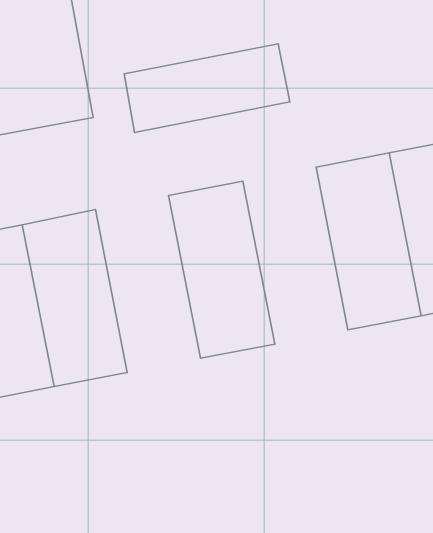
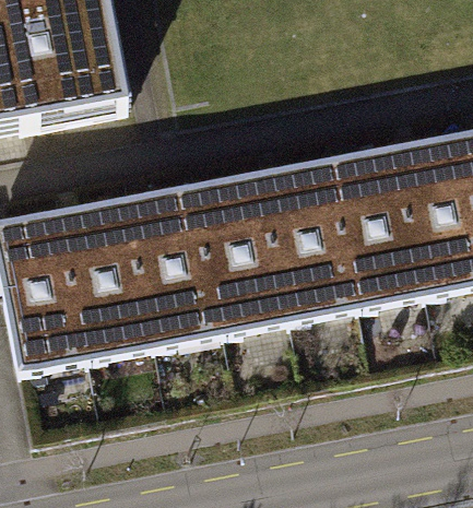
building: [124,44,290,132] -> none
building: none -> [264,157,362,321]
building: none -> [128,184,225,347]

